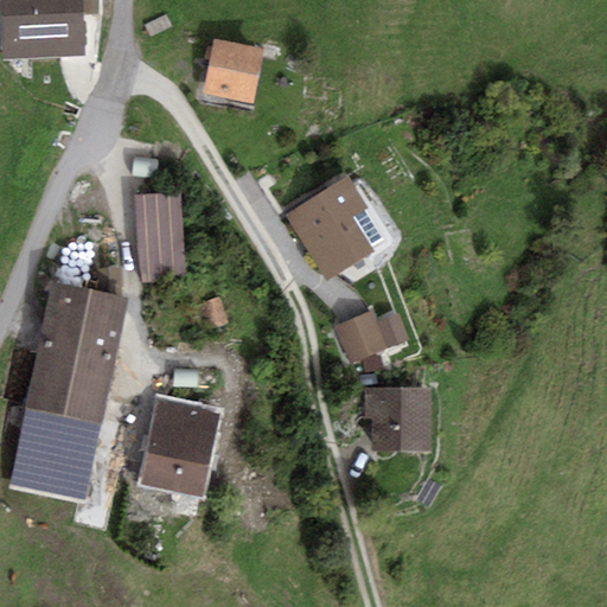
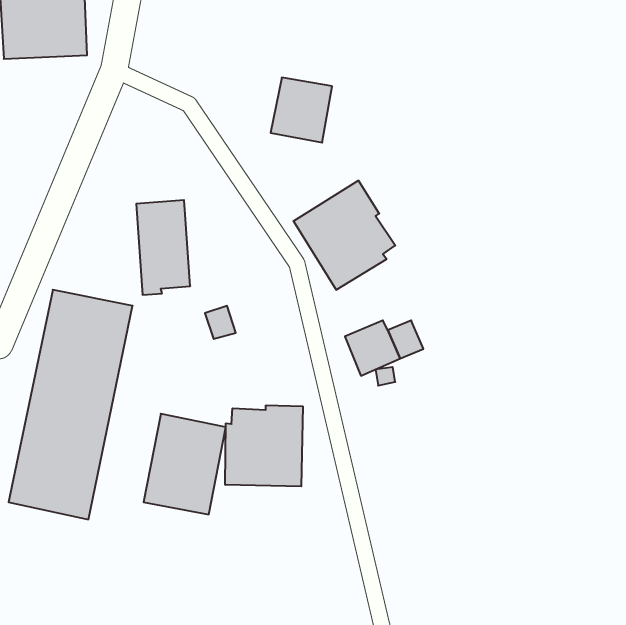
building: [203,39,262,102] -> [271,78,332,143]
building: [363,386,429,454] -> none
building: none -> [225,405,303,486]

